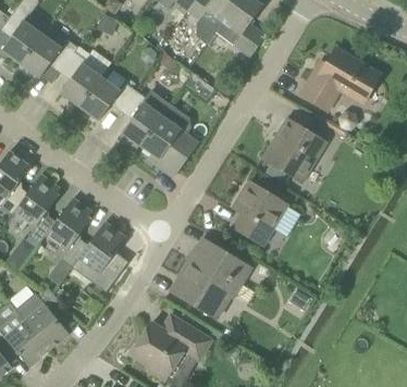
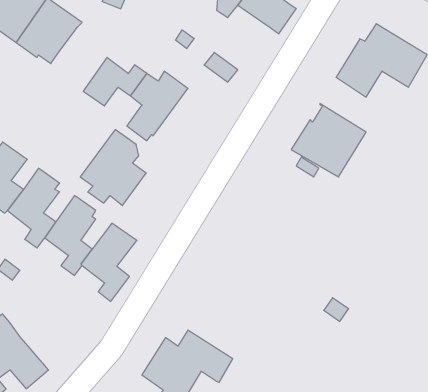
building: [59,51,100,107] -> none
building: [140,104,198,171] -> [80,130,146,206]
building: [232,180,287,245] -> none
building: [171,238,250,314] -> none
building: [15,287,70,350] -> none

